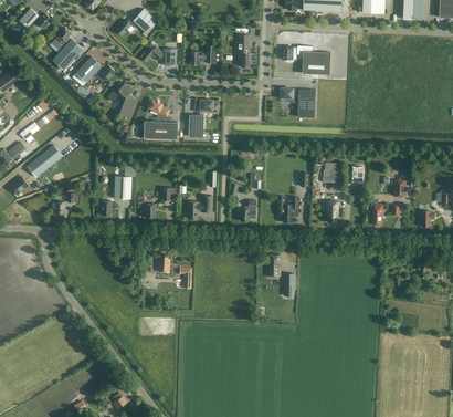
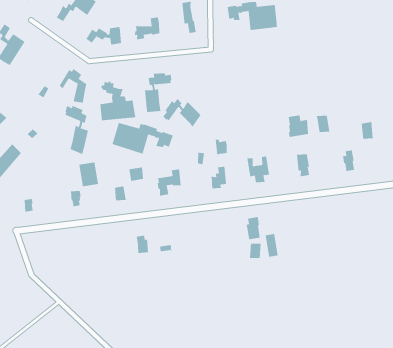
building: [73,56,115,85] -> none
building: [281,88,316,117] -> none
building: none -> [65,105,88,155]
building: none -> [163,98,201,127]
building: none -> [112,122,173,154]

